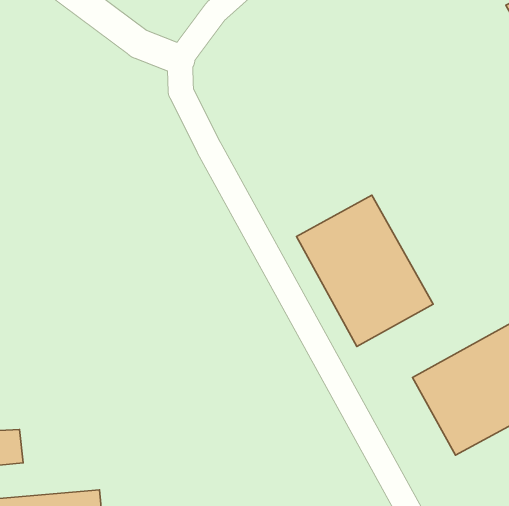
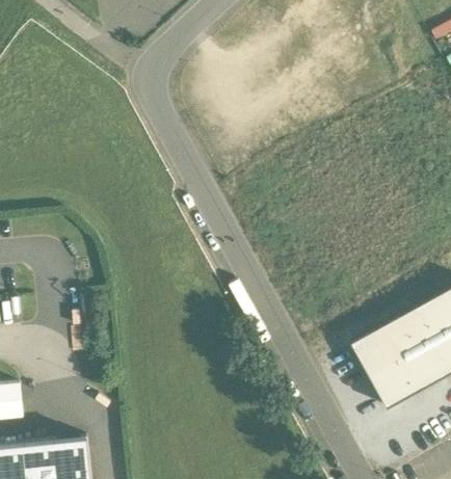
building: [296,195,433,346] -> none

